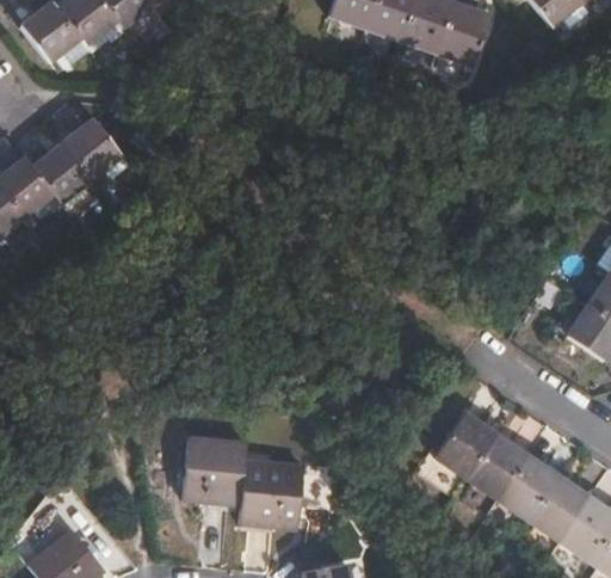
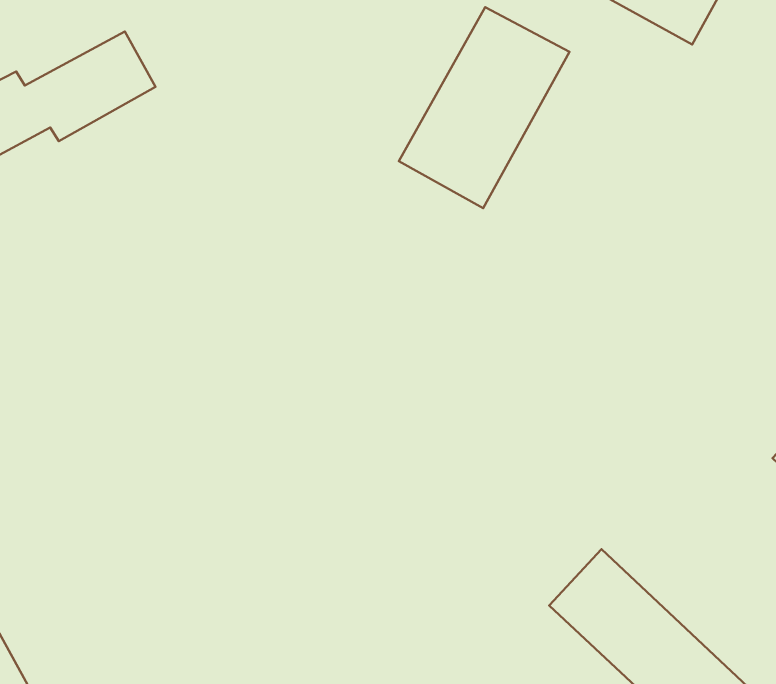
building: none -> [399,7,569,208]
building: [183,437,302,527] -> none

